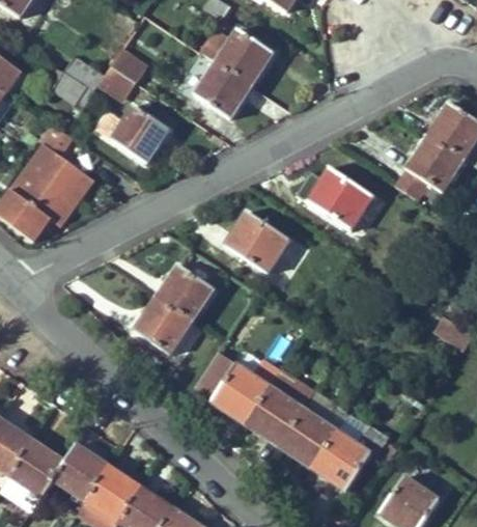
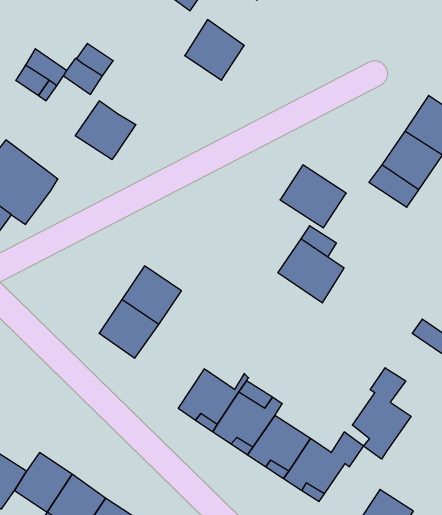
building: [194,62,251,119] -> none
building: [224,211,287,272] -> [278,239,344,303]
building: none -> [352,368,411,459]

